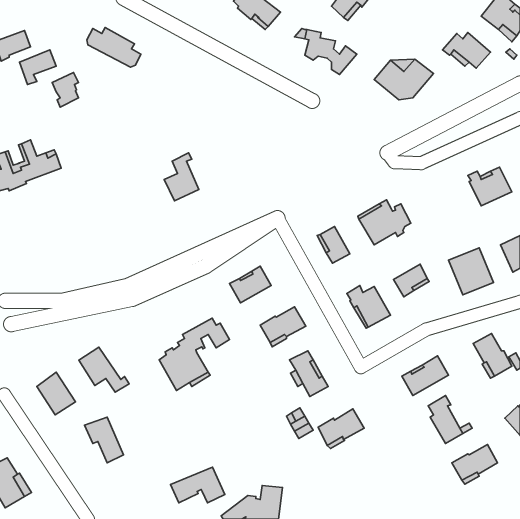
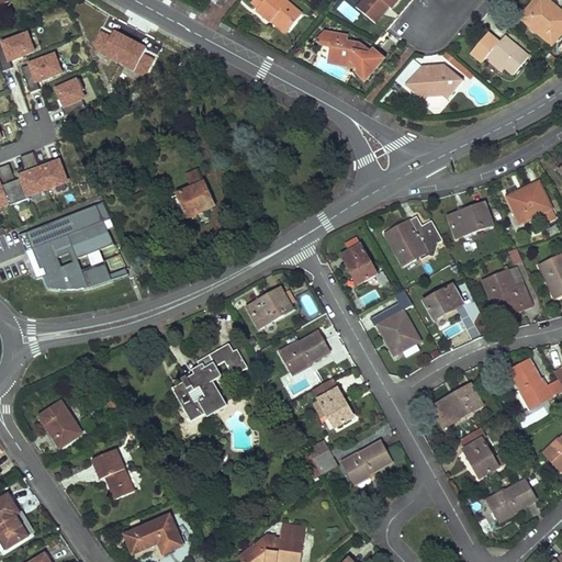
building: none -> [448,201,492,237]
building: none -> [25,204,126,289]
building: [79,347,129,392] -> none
building: [171,467,225,503] -> [124,515,182,553]

